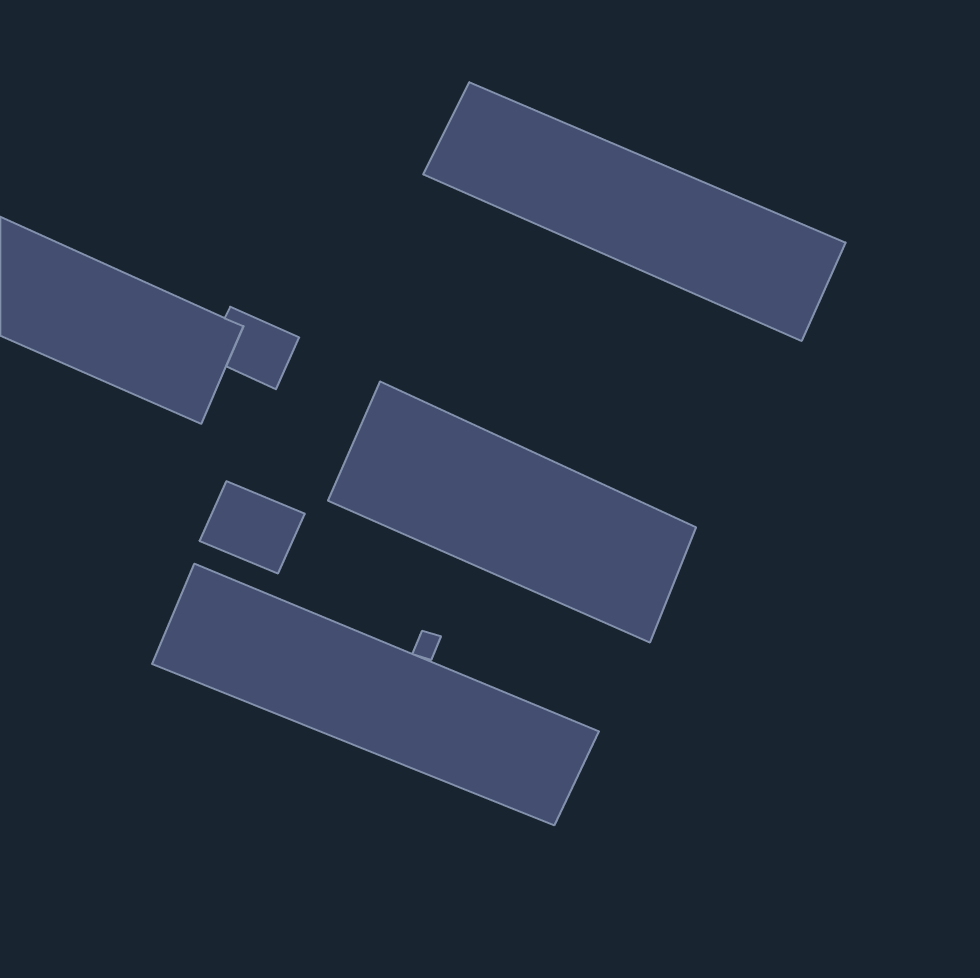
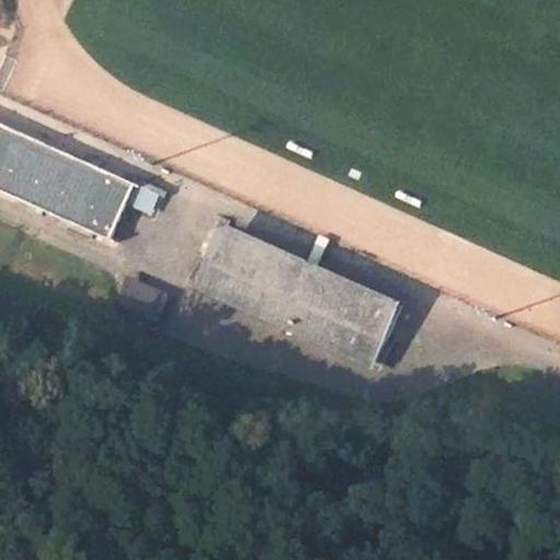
building: [423,82,846,341] -> none
building: [152,564,599,825] -> none

